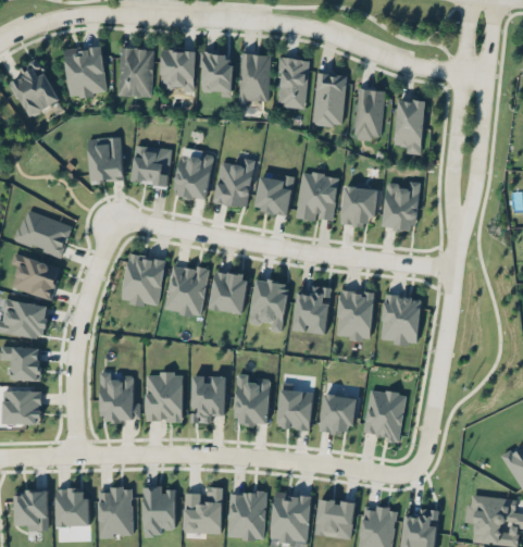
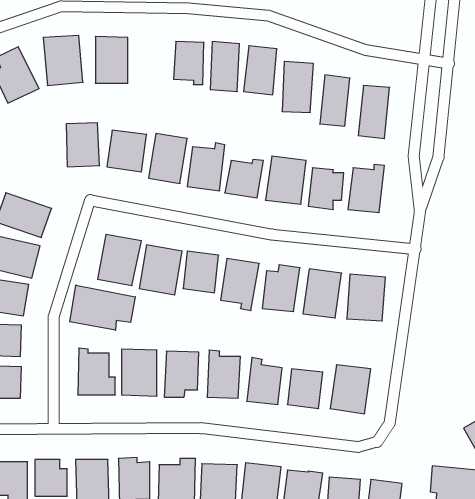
building: [160,49,195,90] -> none
building: none -> [70,285,135,330]

